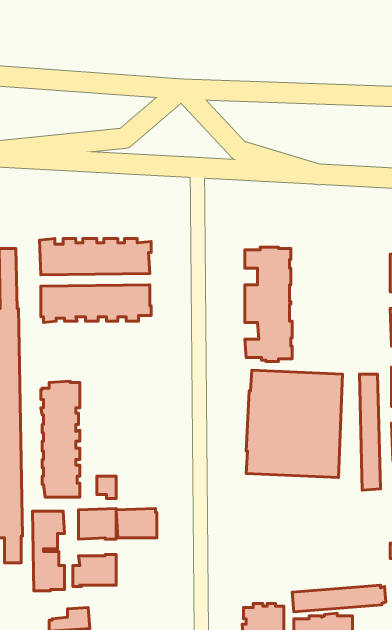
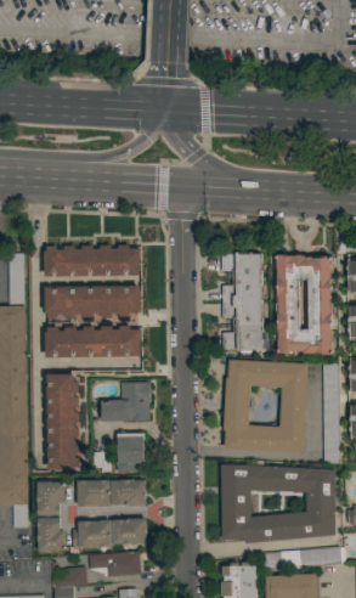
building: none -> [275,255,332,354]
building: none -> [45,326,142,359]
building: none -> [101,383,151,422]
building: none -> [117,433,145,473]
building: none -> [221,464,335,543]
building: none -> [112,519,146,545]
building: none -> [89,551,141,576]

